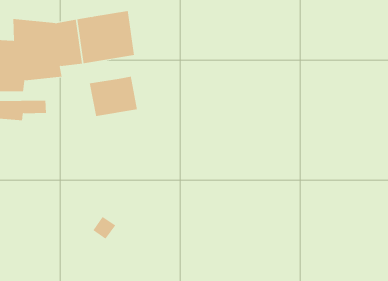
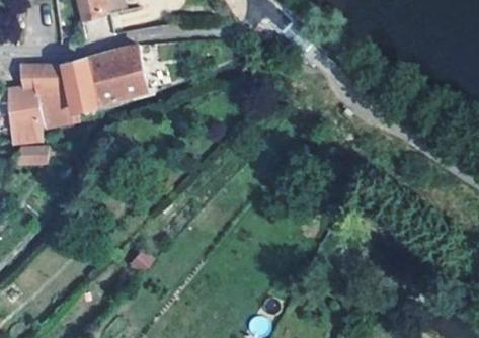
building: [89,76,138,117] -> none

